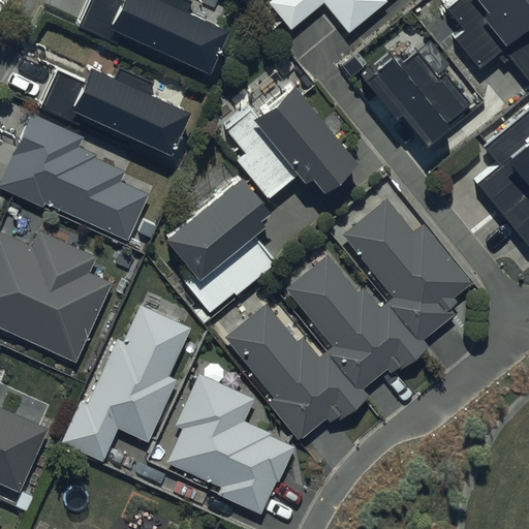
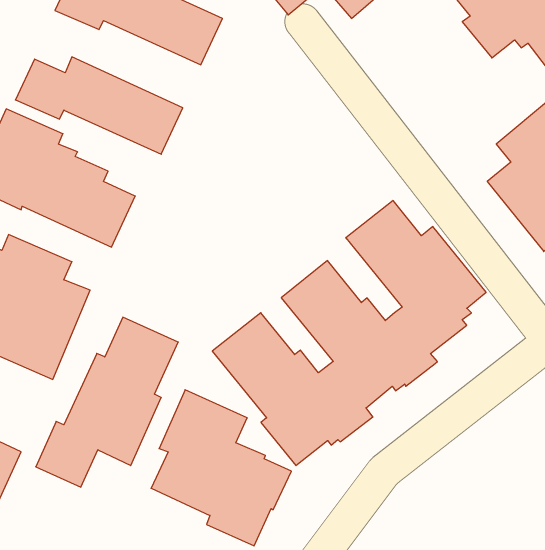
building: [359,53,469,147] -> none
building: [225,85,353,198] -> none
building: [162,177,276,313] -> none

